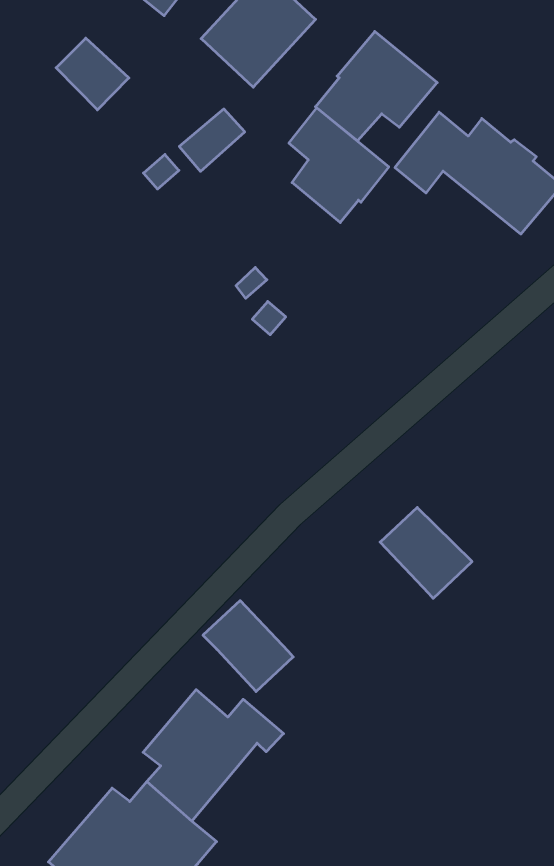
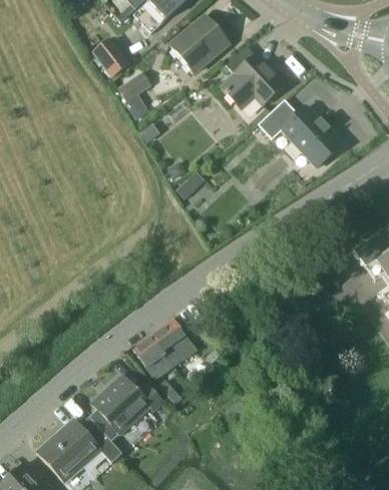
building: [289,108,389,223] -> none
building: [179,109,245,171] -> [118,70,152,100]
building: [380,507,472,598] -> [151,317,197,364]

